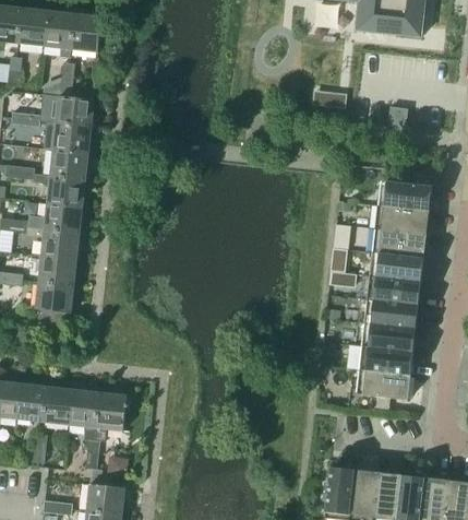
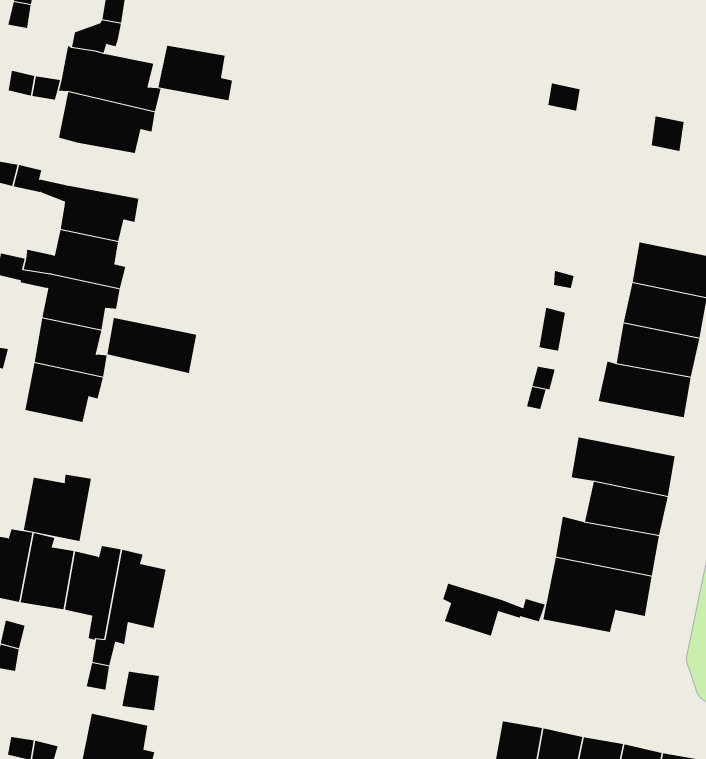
building: [50,151,94,180] -> [157,45,233,101]
building: none -> [107,317,197,374]
building: [360,275,421,305] -> none
building: none -> [23,474,92,542]
building: none -> [442,583,545,637]

